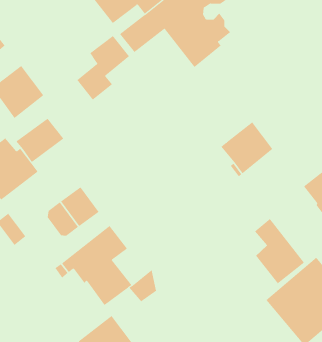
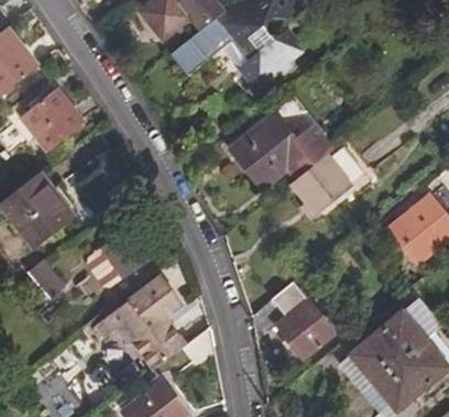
building: [76,35,130,100] -> none
building: none -> [233,112,335,185]
building: [16,118,64,163] -> none
building: [254,218,305,284] -> [274,281,333,358]

